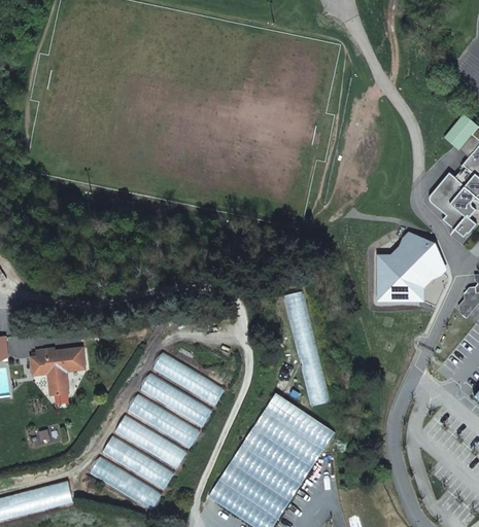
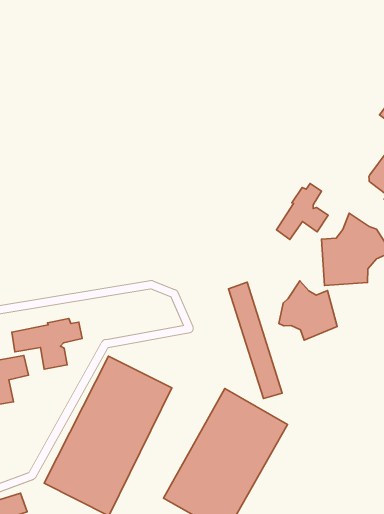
building: none -> [276,183,328,240]
building: none -> [279,281,337,340]
building: none -> [12,319,82,369]

